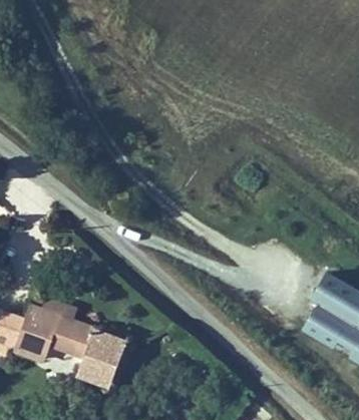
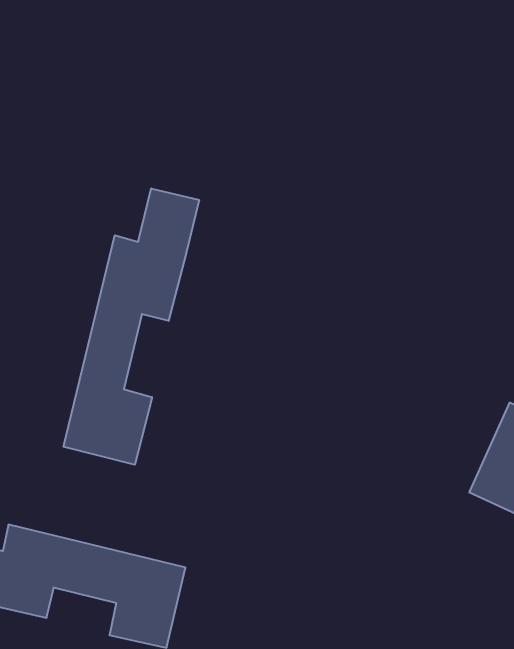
building: none -> [63,188,199,465]

